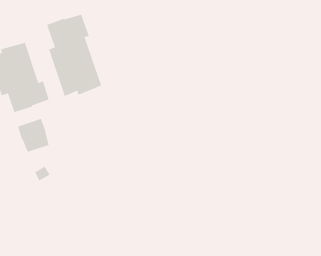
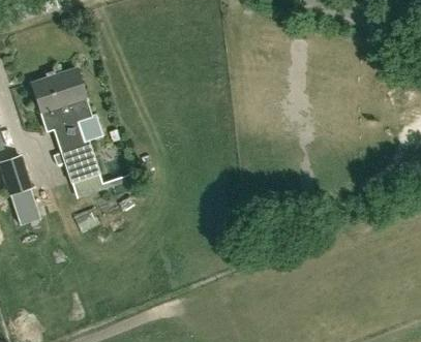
building: [46,14,102,97] -> none

